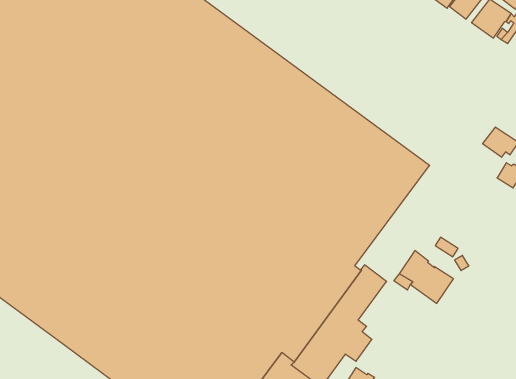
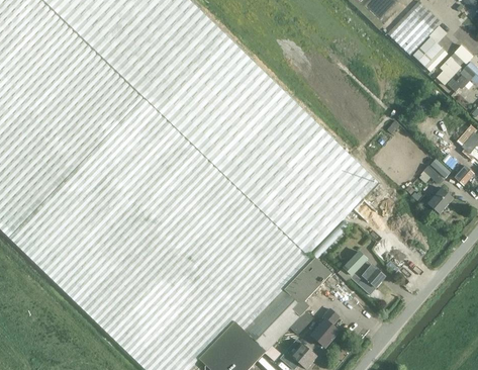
building: none -> [312,308,340,348]

